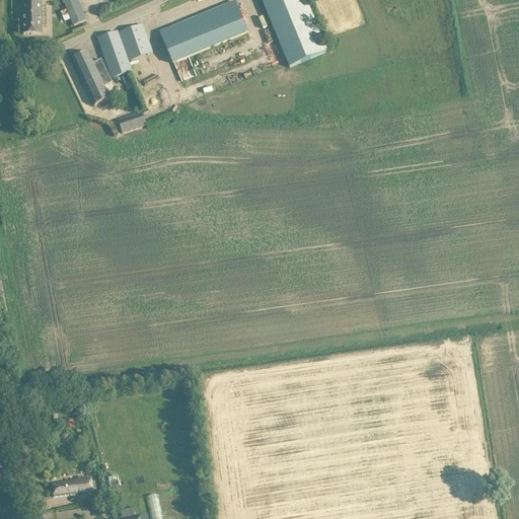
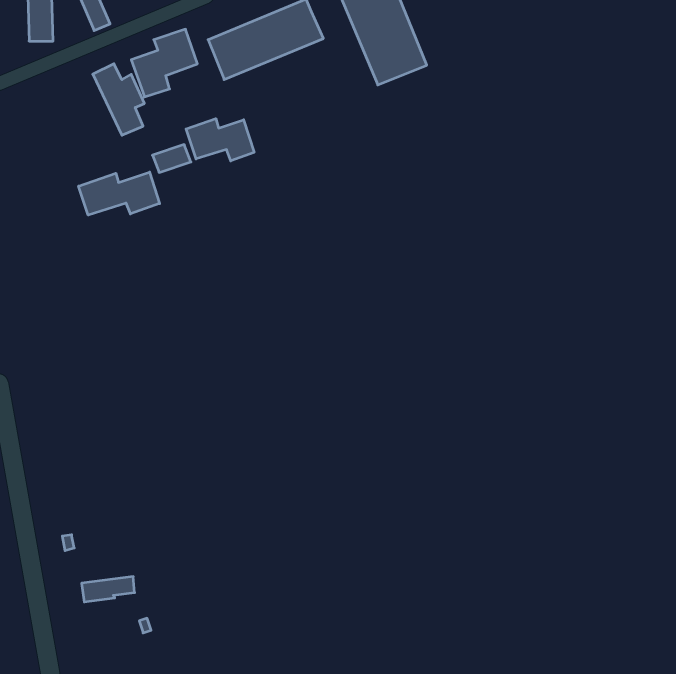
building: none -> [186,119,254,161]
building: none -> [79,172,160,215]
building: [51,475,91,495] -> [82,577,135,602]

